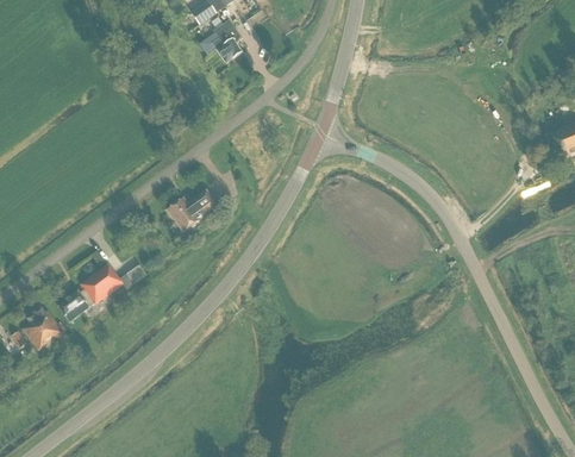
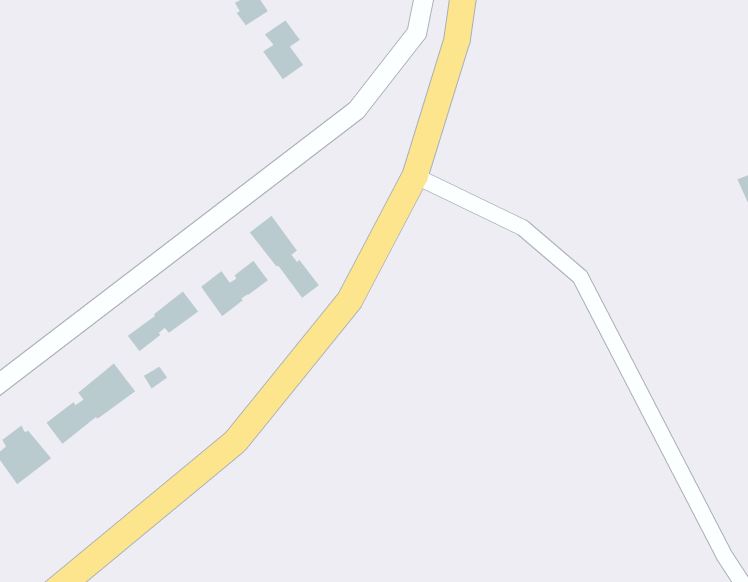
building: none -> [249,215,320,299]
building: none -> [127,290,199,352]

